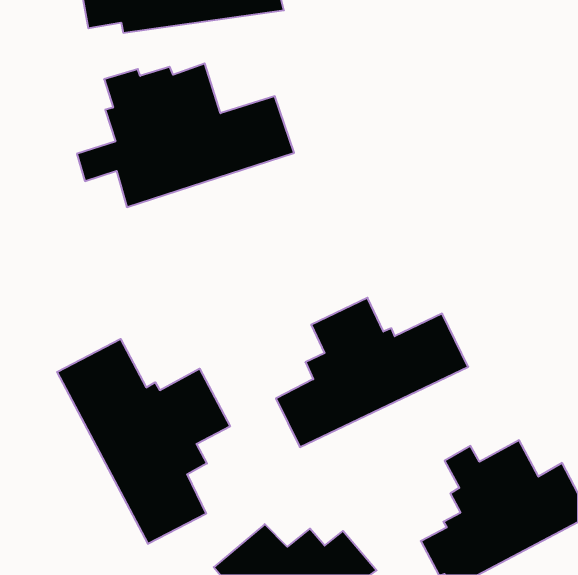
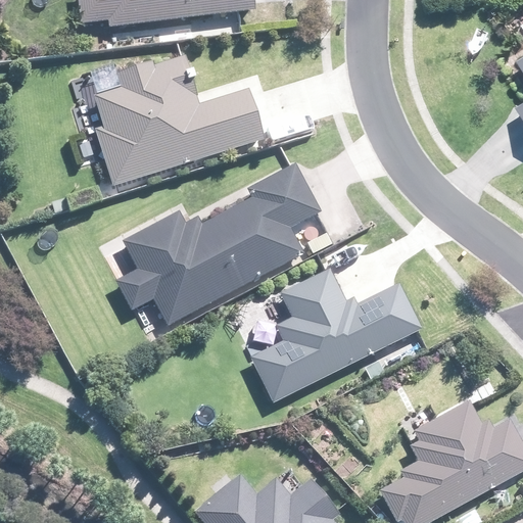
building: none -> [115,164,319,326]
building: [57,339,230,544] -> none

